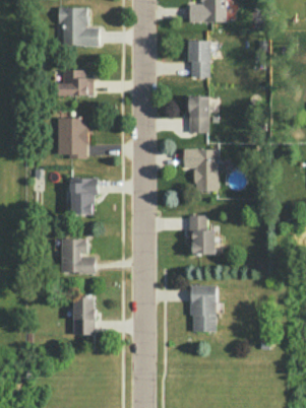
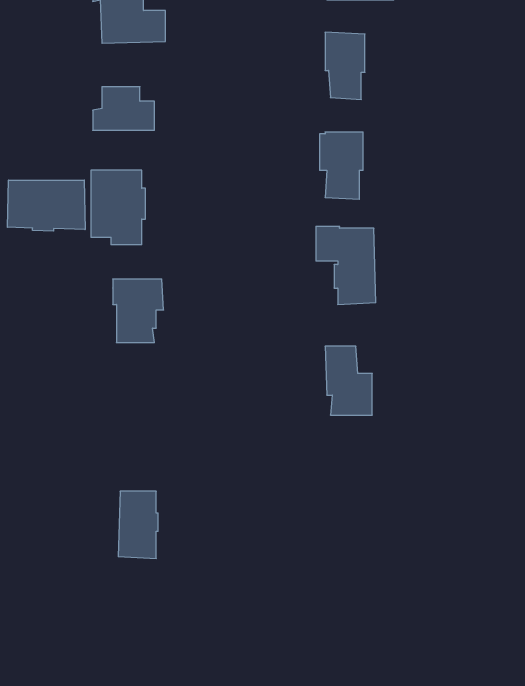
building: none -> [7,180,85,231]
building: [60,239,95,274] -> none
building: [189,285,216,331] -> none

